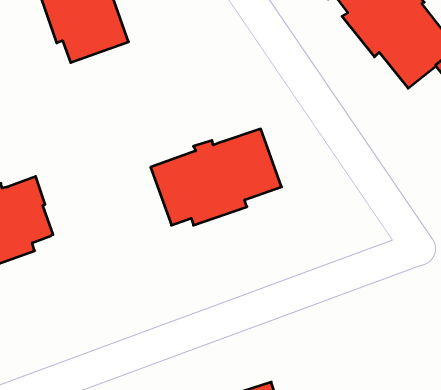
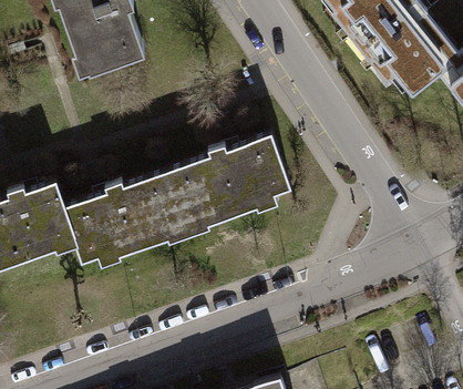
building: none -> [62,173,185,265]

